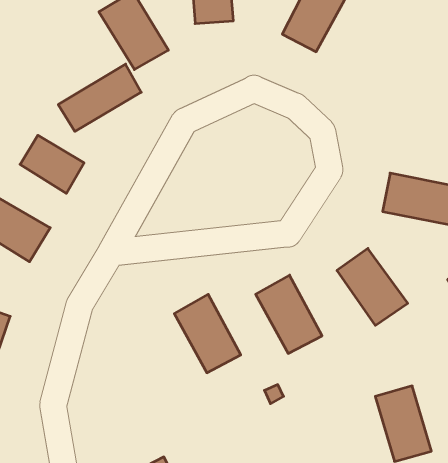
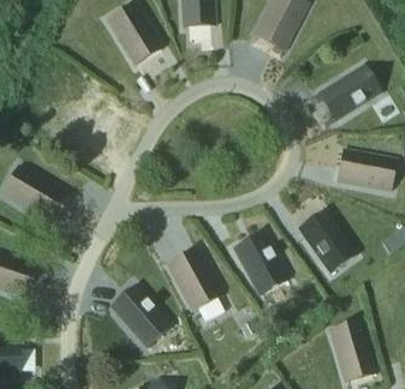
building: [58,64,141,131] -> none
building: none -> [316,65,380,120]
building: [20,135,84,193] -> none
building: none -> [111,286,171,349]

